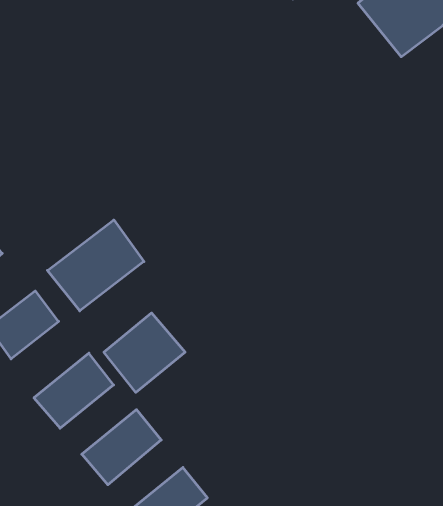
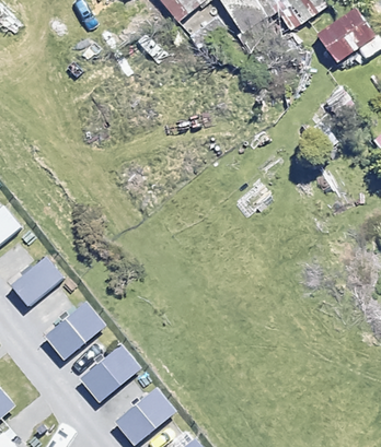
building: [47,220,144,311] -> none
building: [104,313,185,392] -> none

